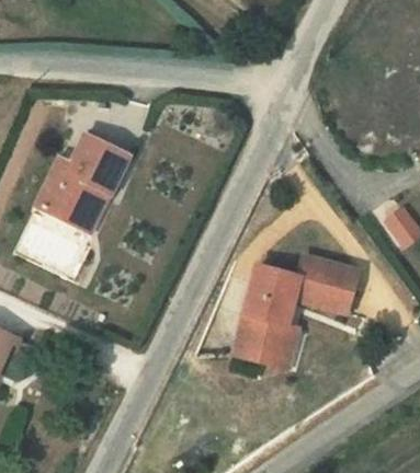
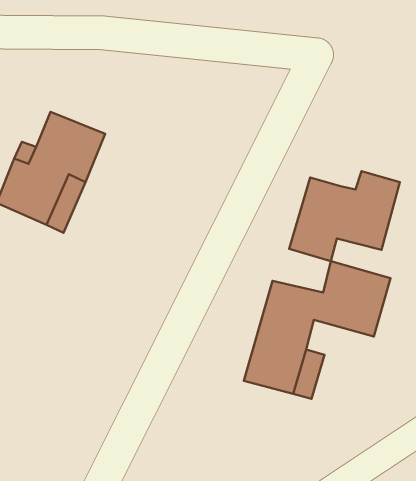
building: none -> [289,171,400,261]

